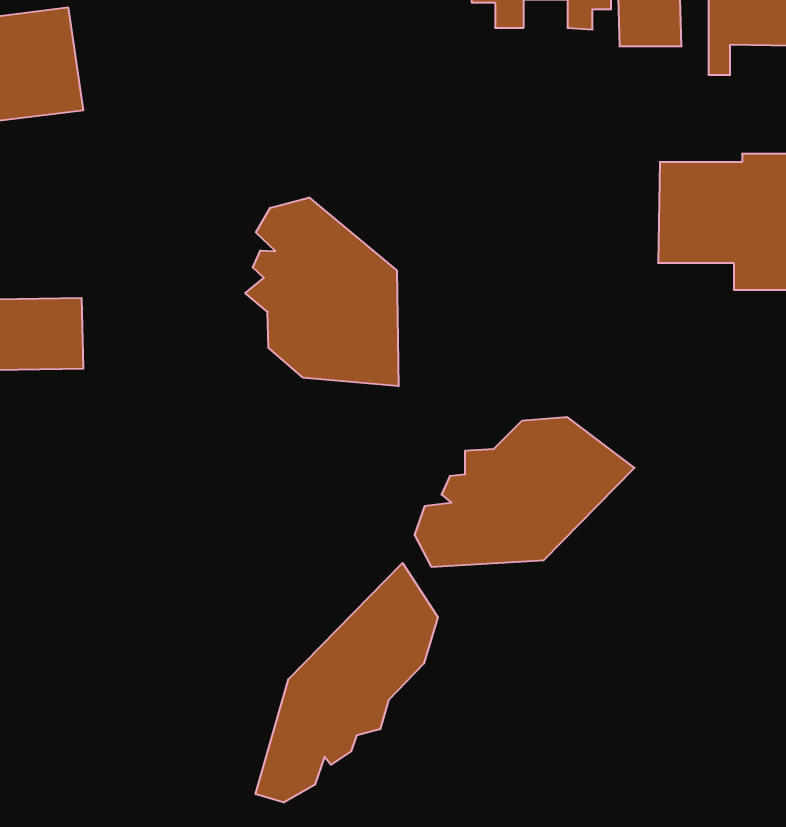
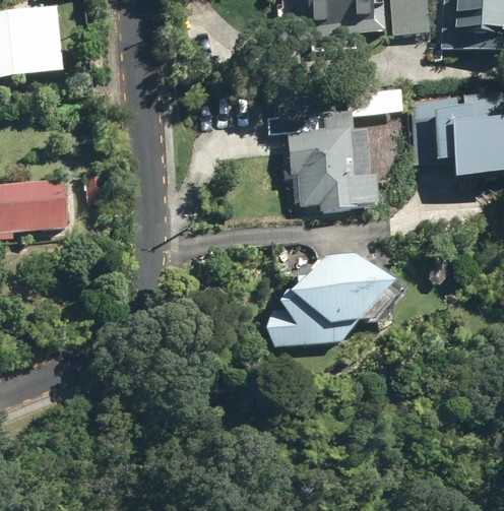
building: none -> [292,87,406,206]
building: [245,197,399,386] -> none
building: [256,563,438,803] -> none

